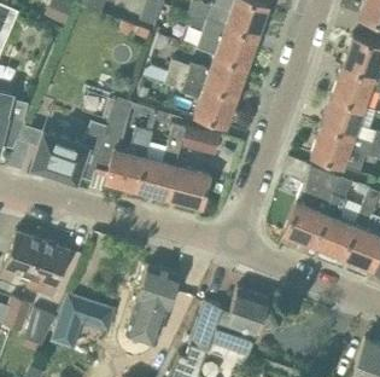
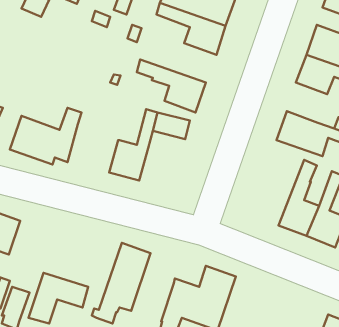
building: [169,54,249,95] -> none
building: [322,95,364,138] -> none
building: [104,97,158,190] -> none
building: [168,164,211,207] -> none
building: [283,164,340,245] -> none
building: [28,240,71,296] -> none

